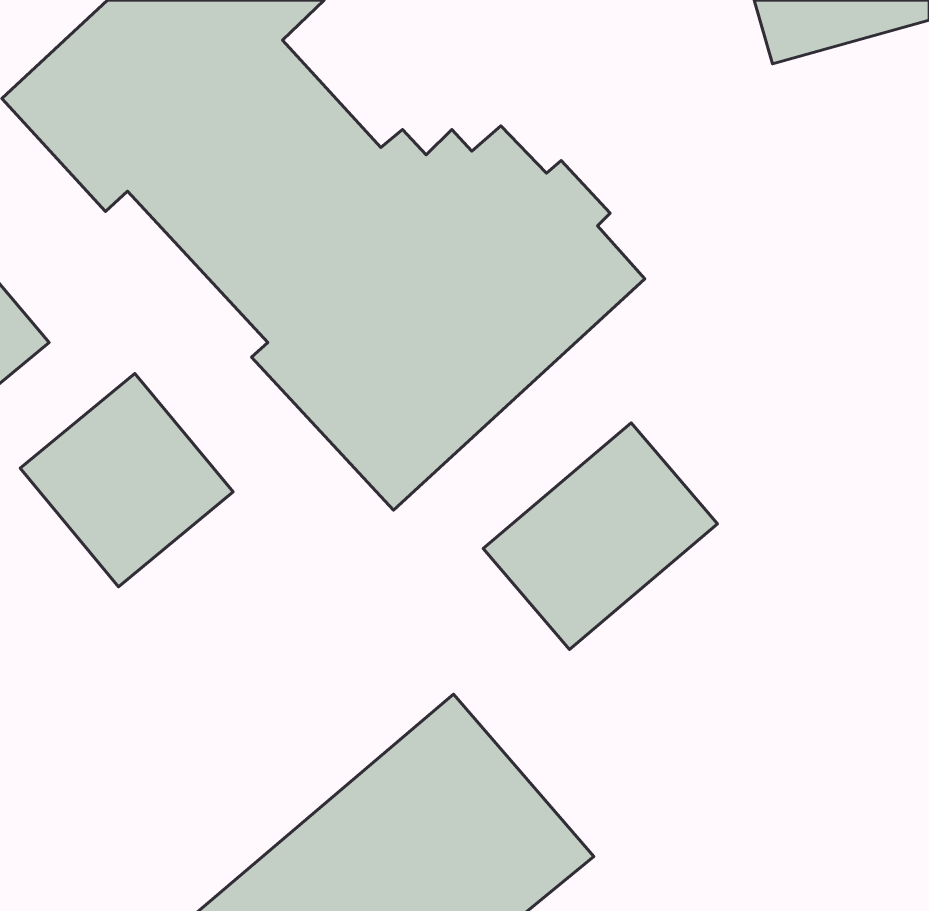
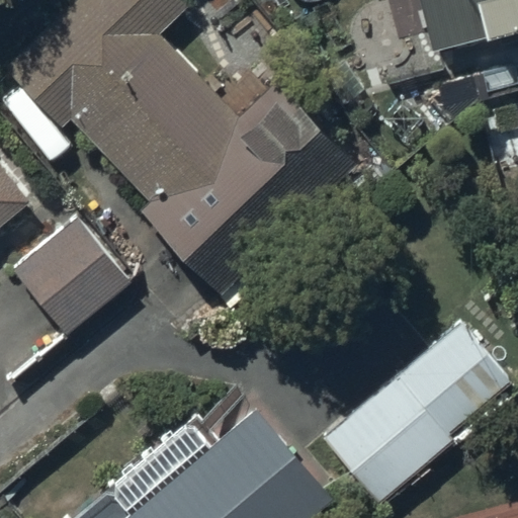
building: [483,423,717,649] -> none
building: none -> [319,321,509,505]

